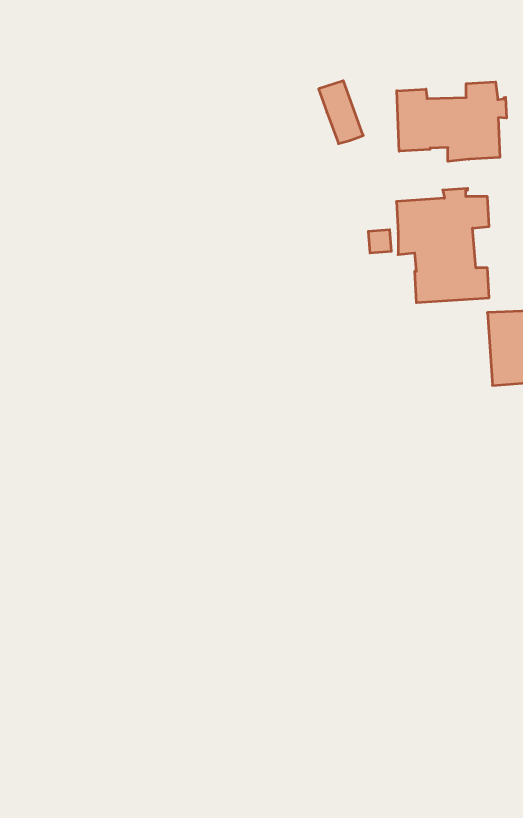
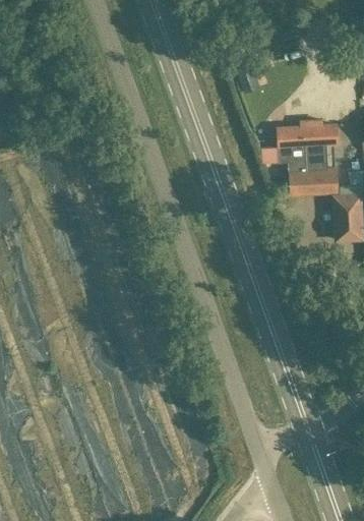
building: [397,82,506,161] -> none

